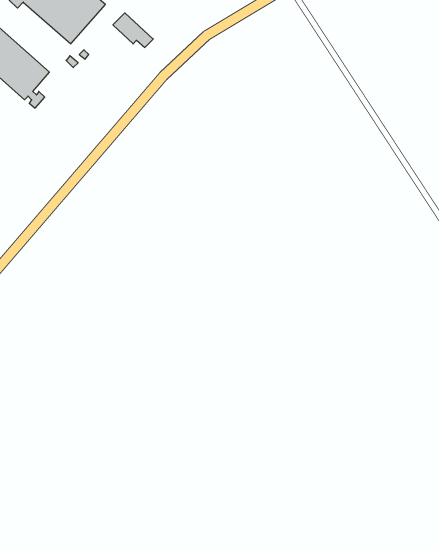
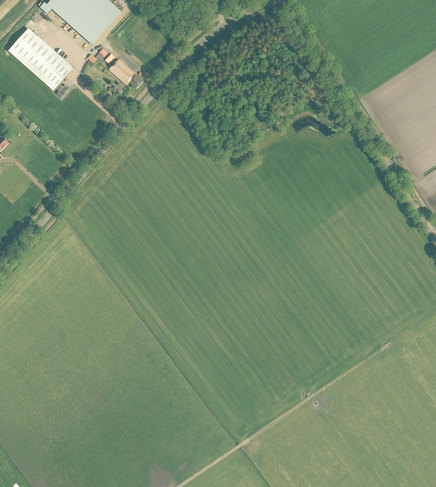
building: [113,13,153,47] -> [108,58,142,87]

